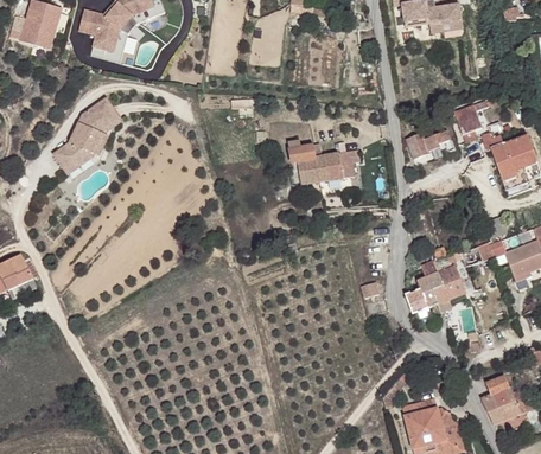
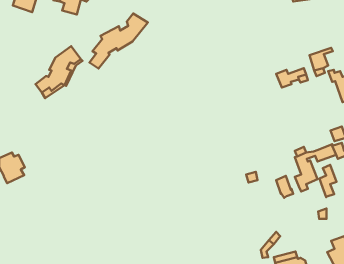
building: none -> [90,13,148,68]
building: [288,140,361,185] -> none
building: [418,261,443,308] -> [320,165,337,197]

